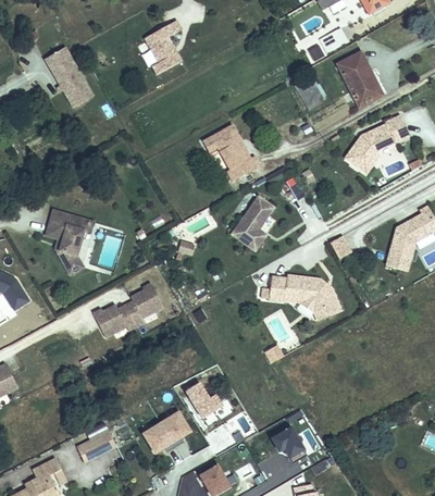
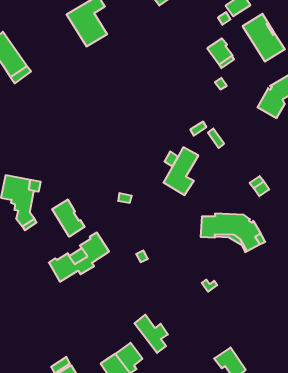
building: [202,123,260,179] -> none
building: none -> [52,199,85,237]

